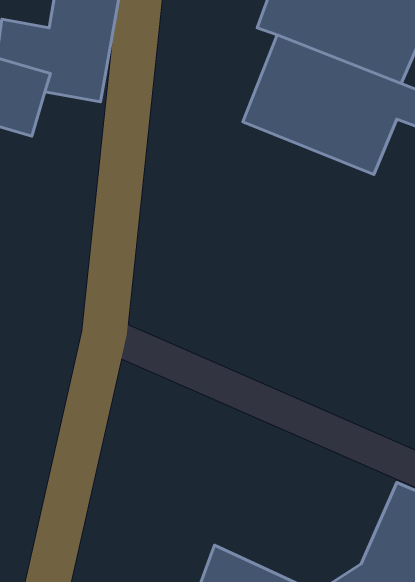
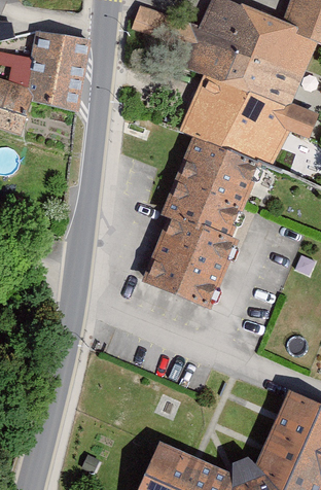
building: none -> [152,138,255,301]

